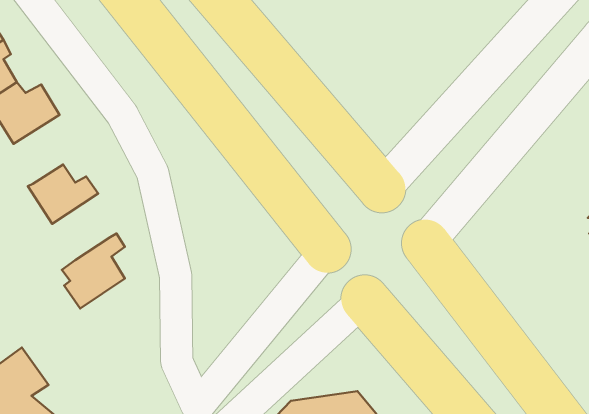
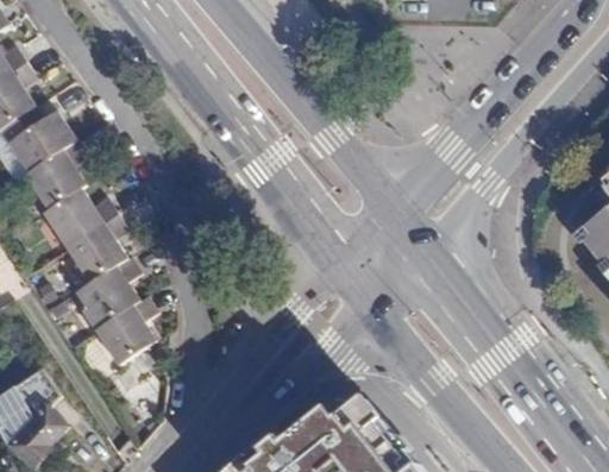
building: none -> [23,138,82,206]
building: none -> [65,215,123,281]
building: none -> [93,295,152,363]

